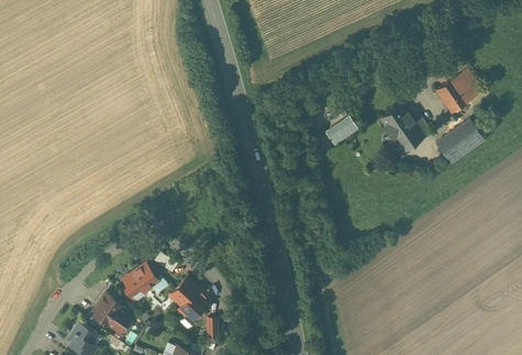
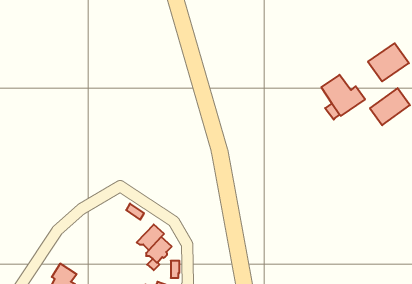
building: [324,117,357,146] -> none
building: [122,264,157,303] -> none
building: [90,292,130,333] -> none

